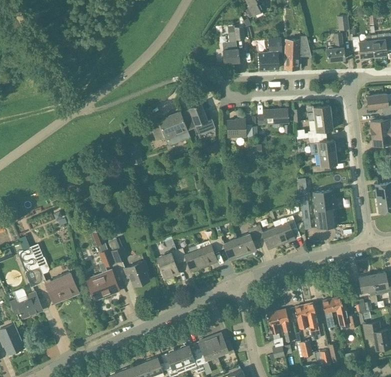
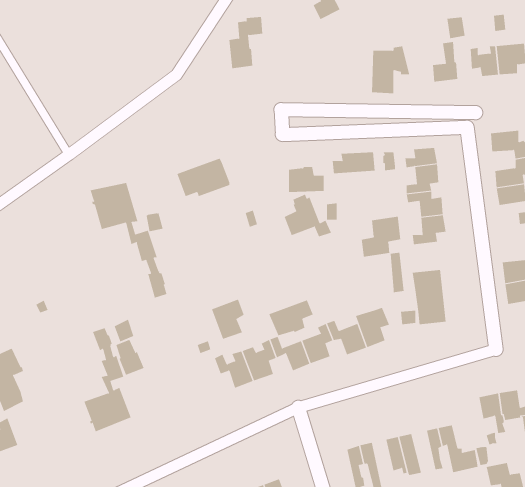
building: [221,27,245,63] -> [228,16,263,69]
building: [258,37,282,69] -> none
building: [182,101,215,131] -> [284,194,332,237]
building: none -> [90,182,167,298]
building: none -> [361,216,401,257]
building: none -> [269,300,314,336]
building: [157,251,180,279] -> [211,299,244,340]
building: [124,261,149,287] -> none
building: [45,272,78,303] -> none

